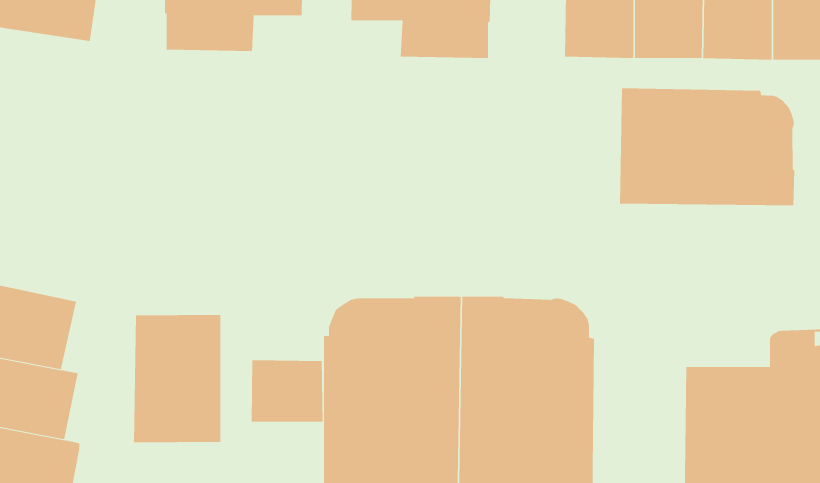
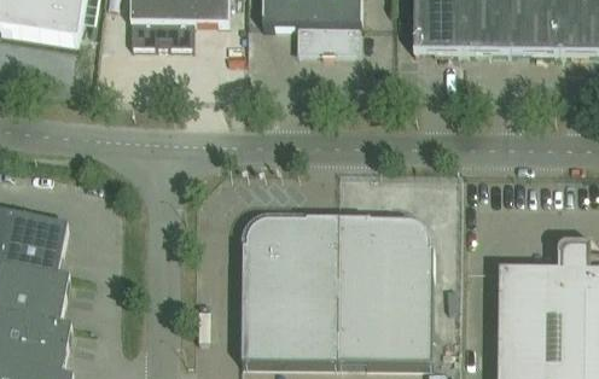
building: [619,88,795,206] -> none
building: [133,314,221,443] -> none
building: [251,359,323,422] -> none

